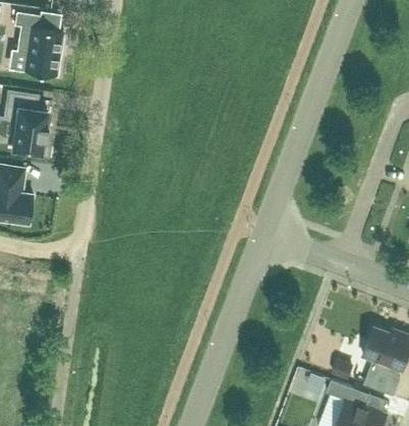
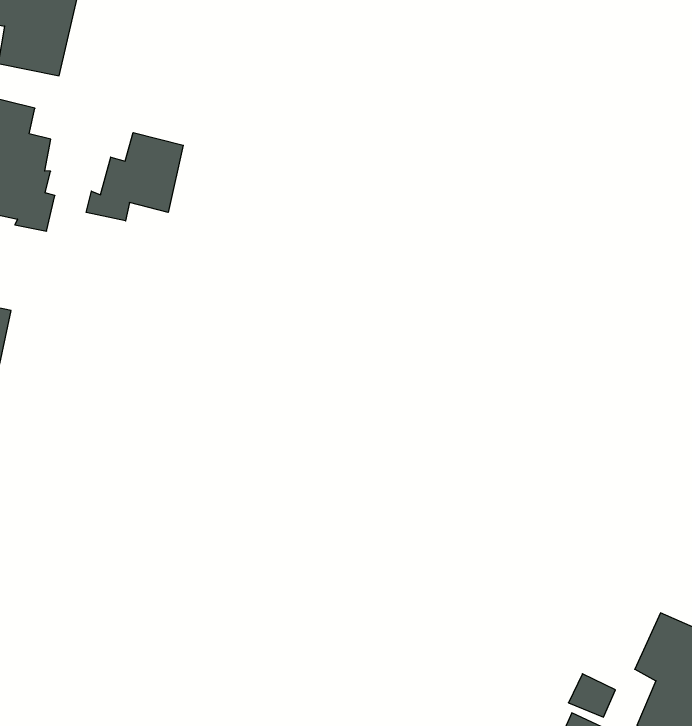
building: none -> [86,133,183,221]

